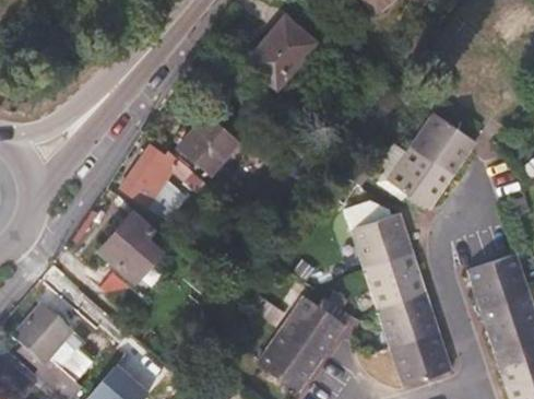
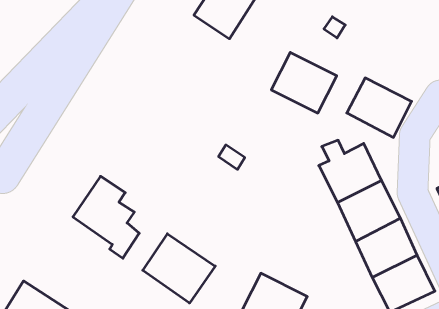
building: [408,112,476,176] -> [271,52,337,113]
building: [178,114,237,174] -> none
building: [120,138,217,208] -> none
building: none -> [143,234,215,303]
building: [278,294,346,359] -> none

